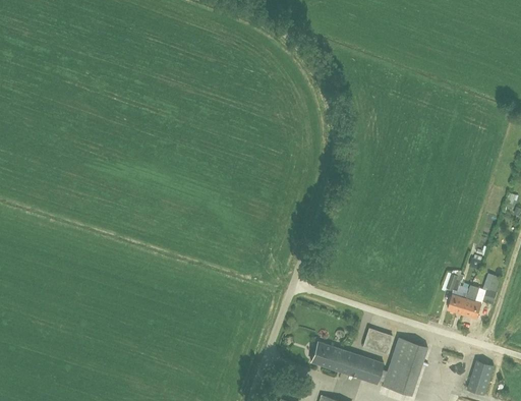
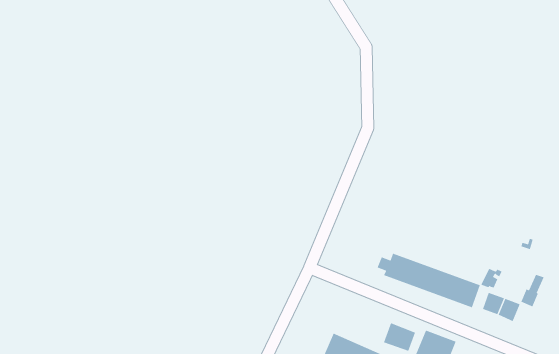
building: none -> [377,253,481,308]

